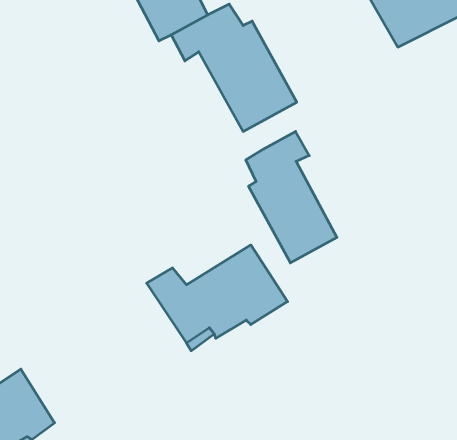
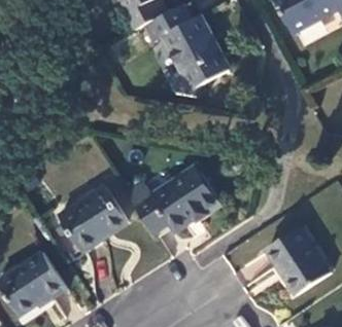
building: [246,131,337,263] -> none
building: none -> [58,186,127,253]
building: none -> [264,224,328,290]

